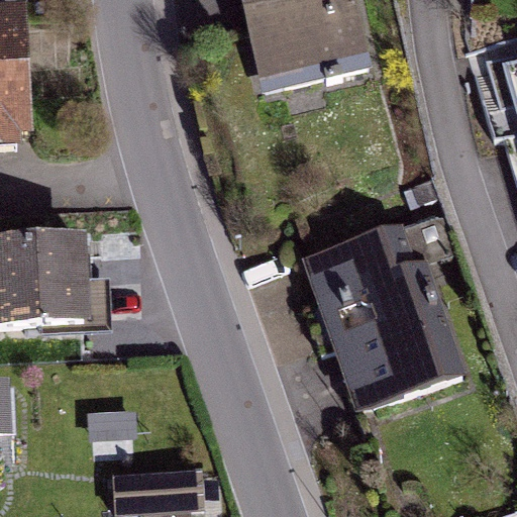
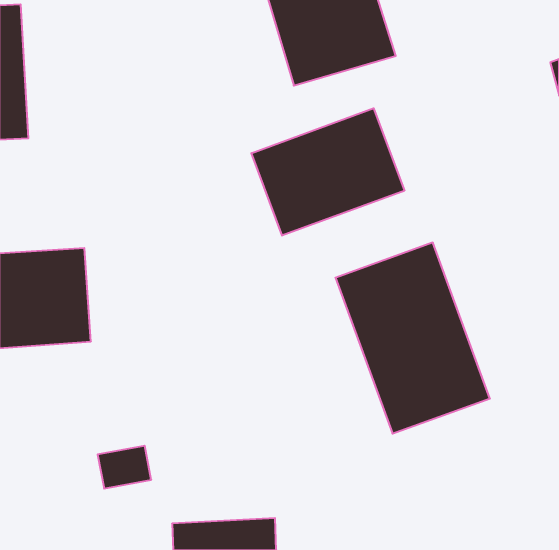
building: none -> [251,108,404,236]

